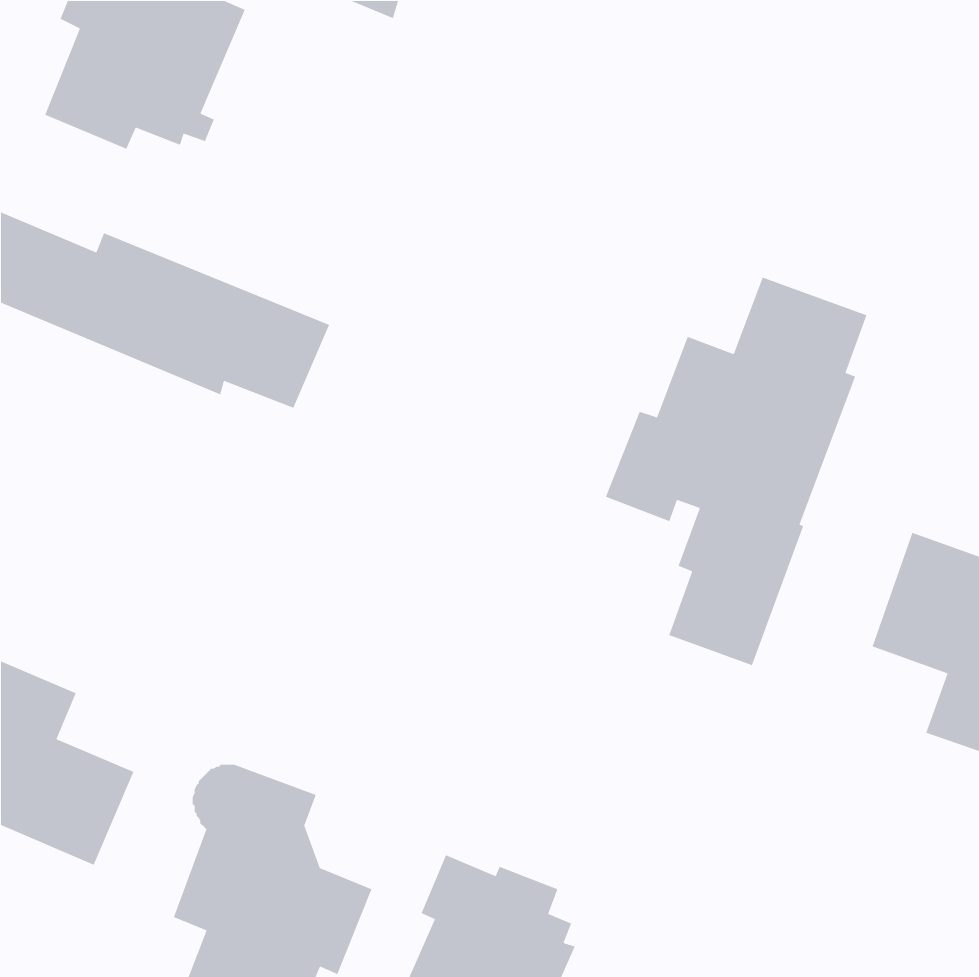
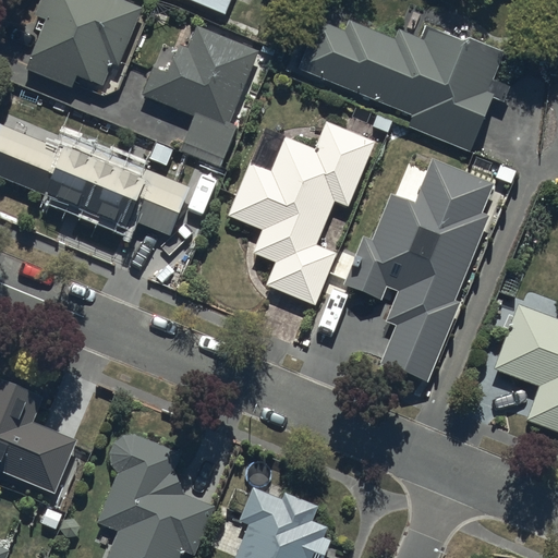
building: none -> [298,19,509,153]
building: none -> [143,26,256,166]
building: none -> [228,122,374,304]

